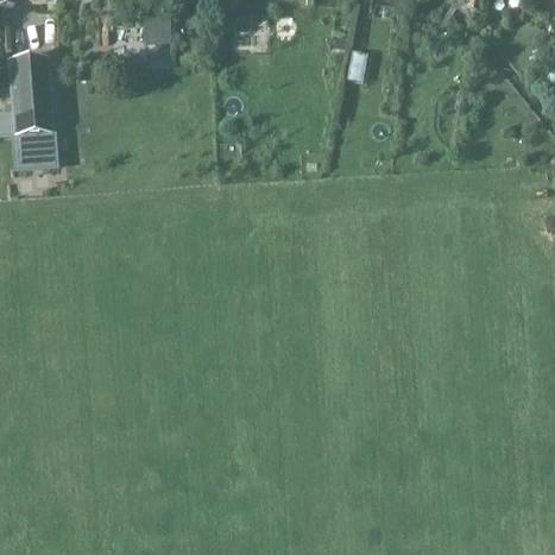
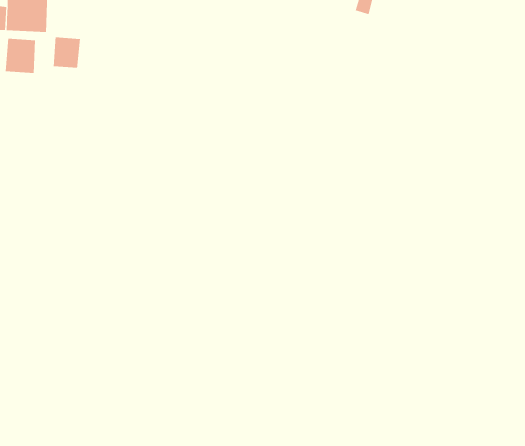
building: none -> [53,37,81,69]

